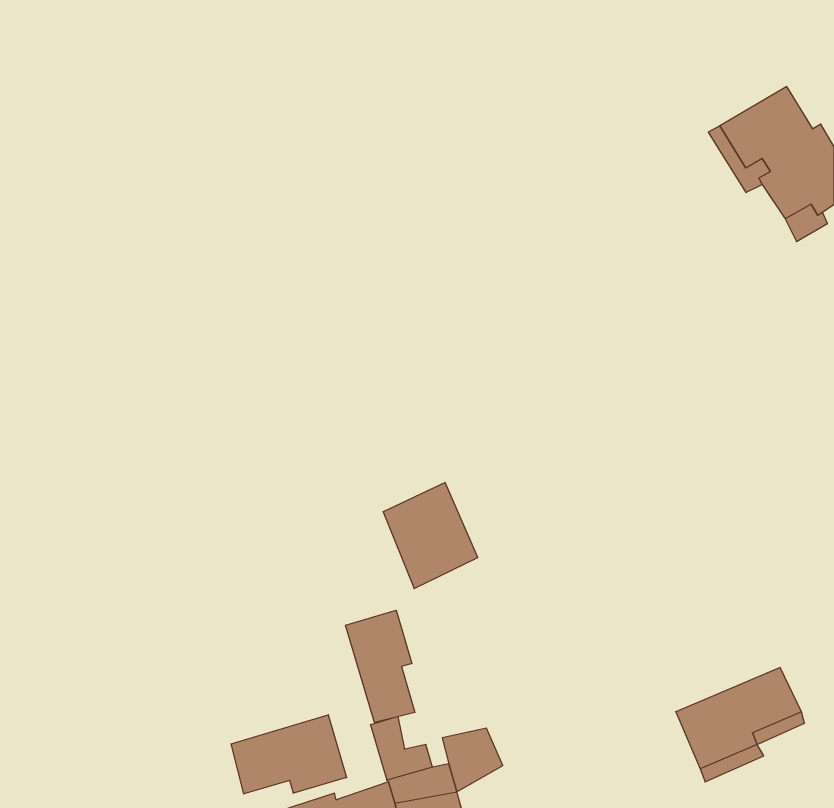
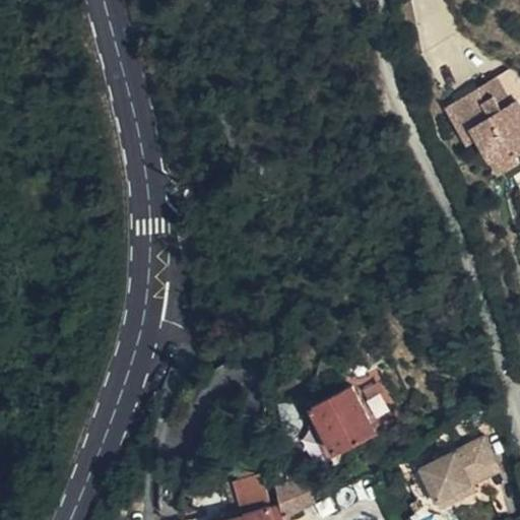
building: [383,482,478,589] -> [314,377,373,443]
building: [345,610,415,722] -> none
building: [231,715,347,794] -> none

